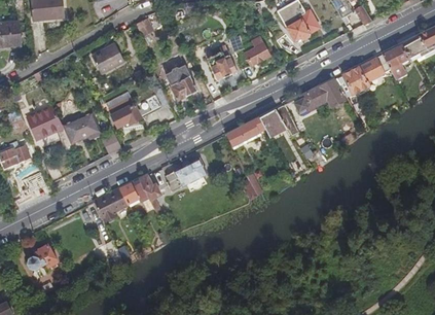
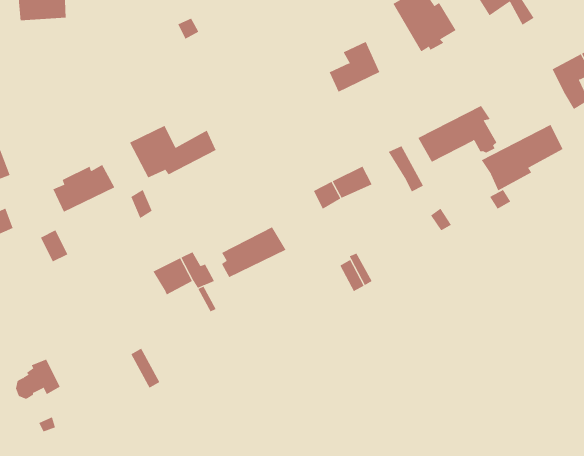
building: [93,43,123,73] -> none
building: [205,44,233,79] -> none
building: [336,54,391,98] -> [481,124,563,191]
building: [164,64,195,97] -> none
building: [31,107,61,135] -> none
building: [258,108,286,136] -> none
building: [93,187,128,220] -> none

